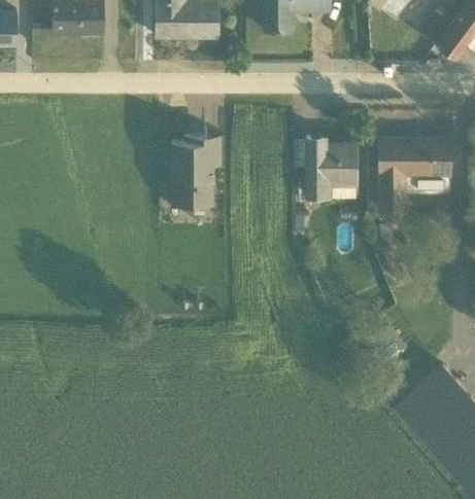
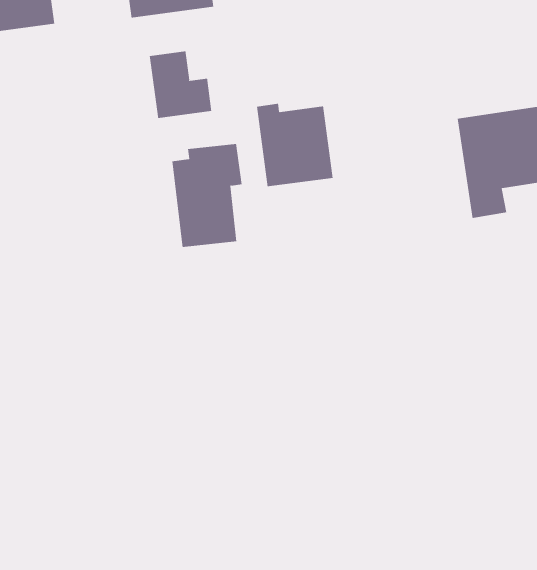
building: none -> [149,51,212,119]
building: [308,137,357,195] -> [256,103,333,187]

